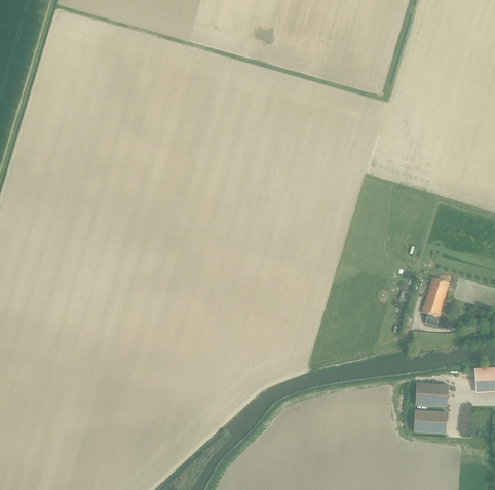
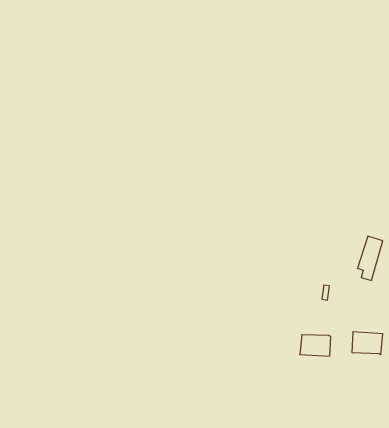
building: [413,410,447,434] -> [300,335,331,356]

